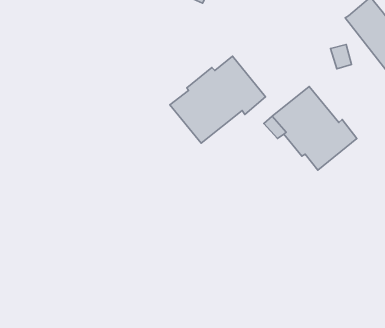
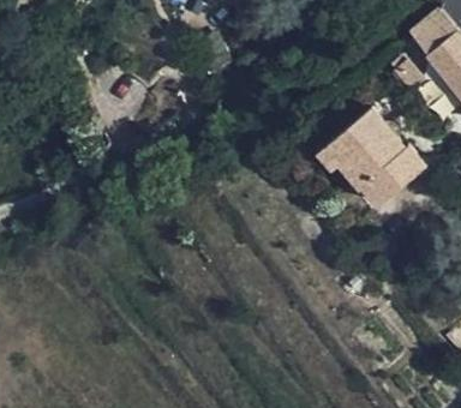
building: [170,56,266,143] -> none

